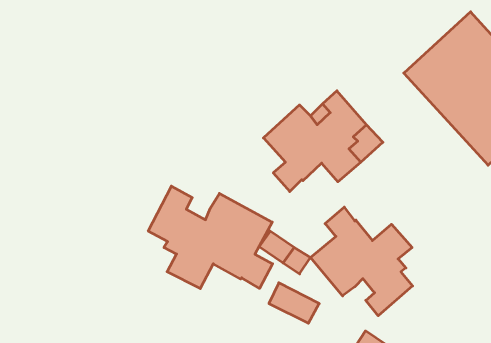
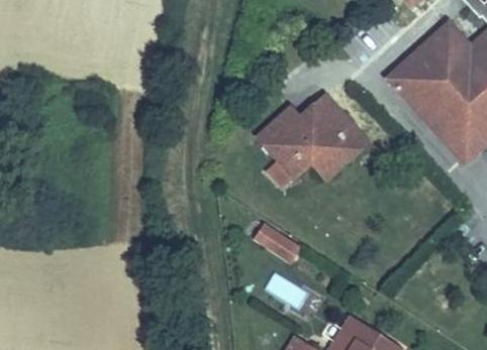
building: [148,186,273,289] -> none
building: [311,207,413,316] -> none

